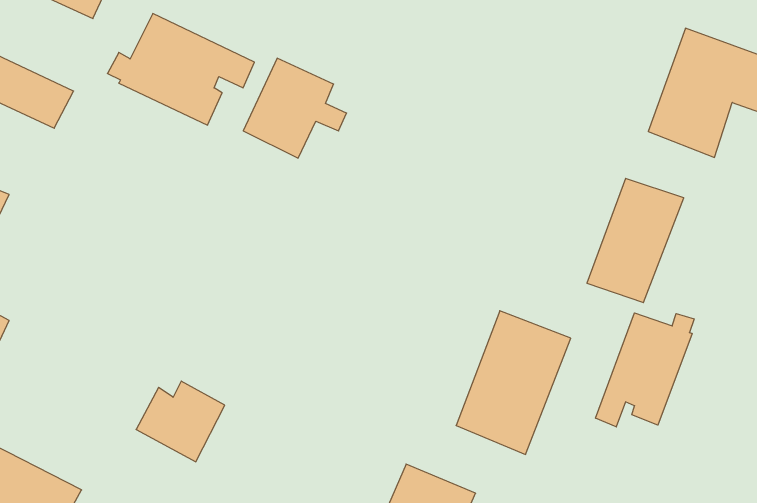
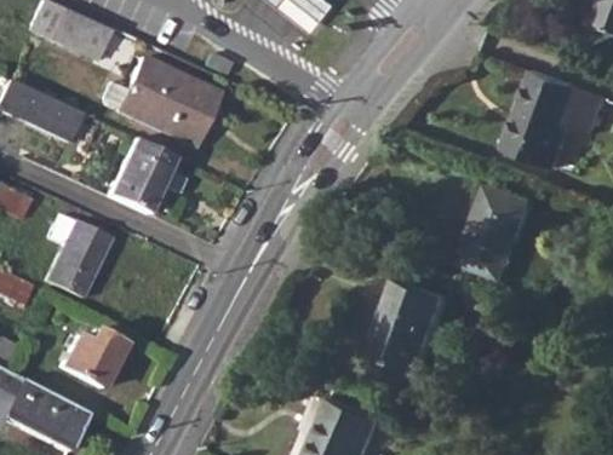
building: [243,58,347,158] -> [107,137,184,212]
building: none -> [45,213,109,295]
building: [596,313,694,427] -> none
building: [136,381,225,462] -> [57,328,124,388]

